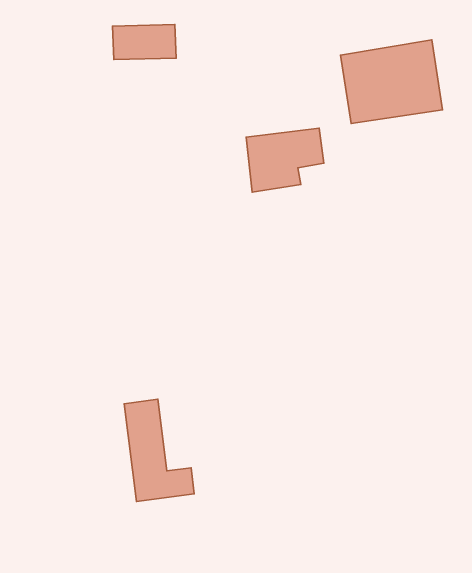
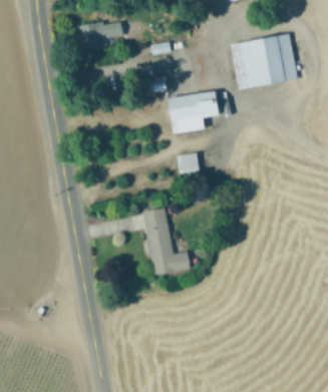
building: none -> [177,151,200,177]
building: [124,399,194,501] -> [143,208,190,275]

